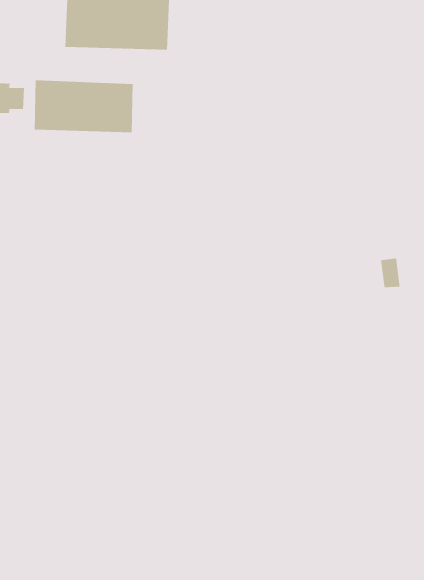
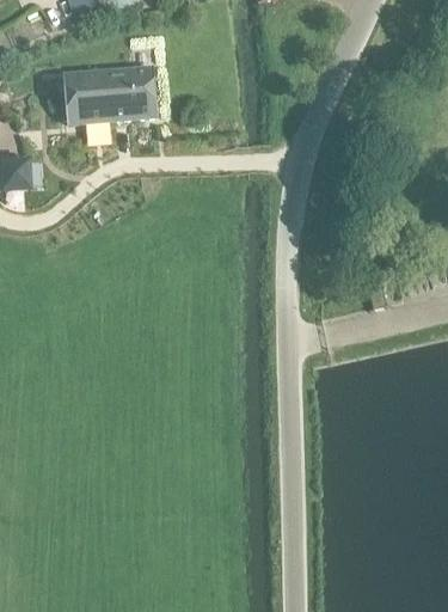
building: [34,79,133,133] -> none

